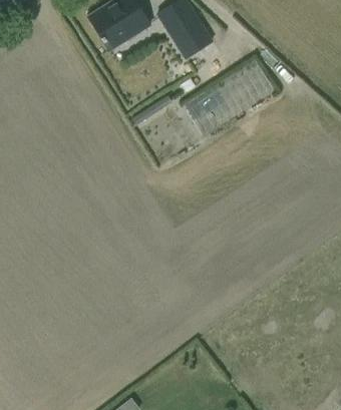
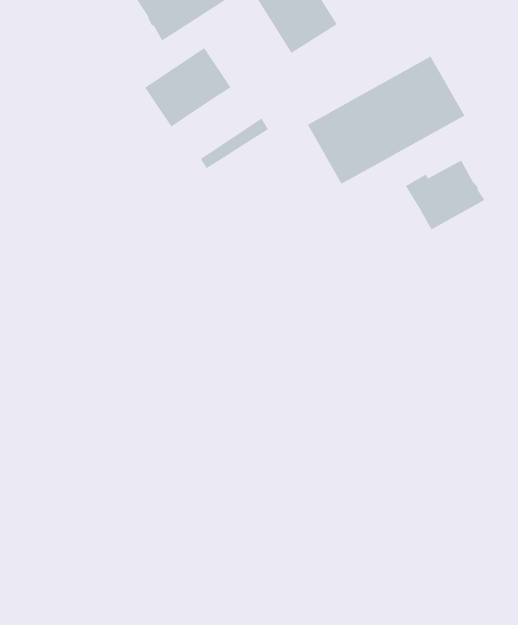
building: none -> [144,47,231,128]
building: none -> [405,160,486,231]

